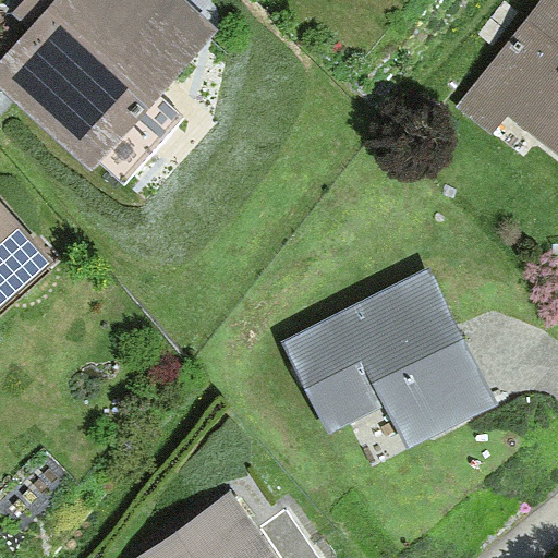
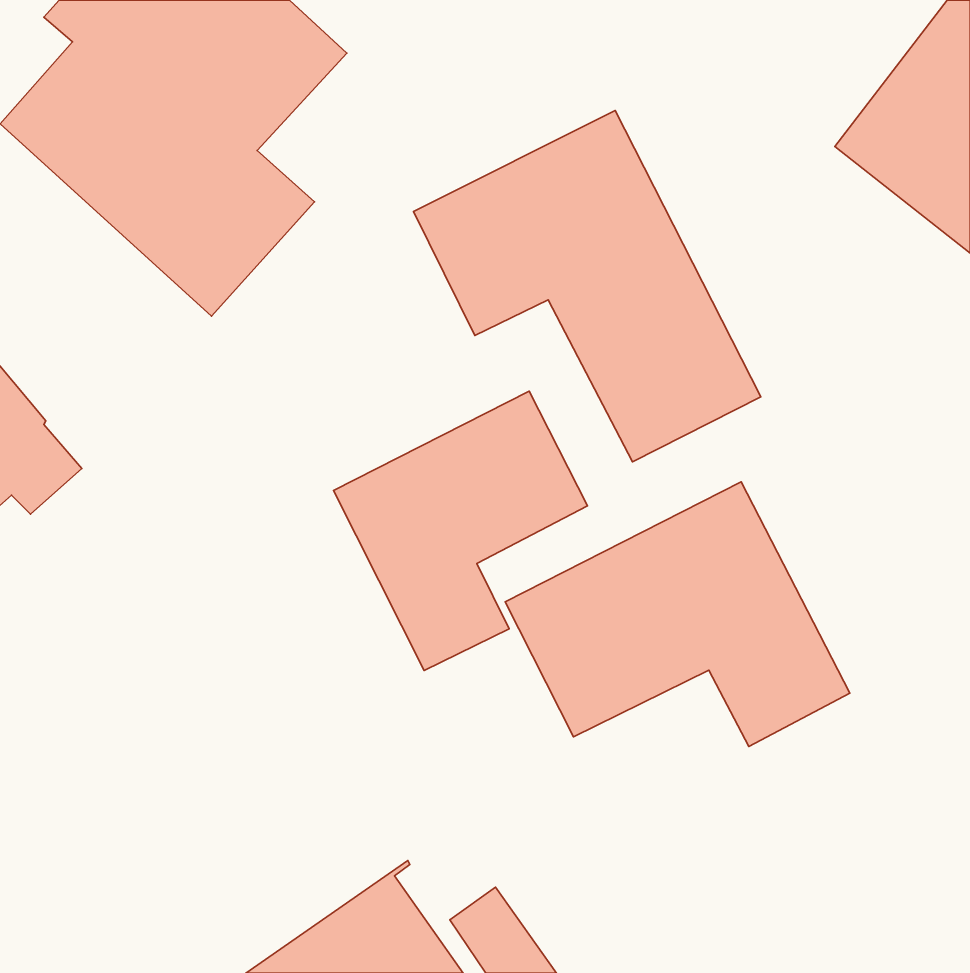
building: none -> [414,110,761,462]
building: none -> [334,391,588,670]

